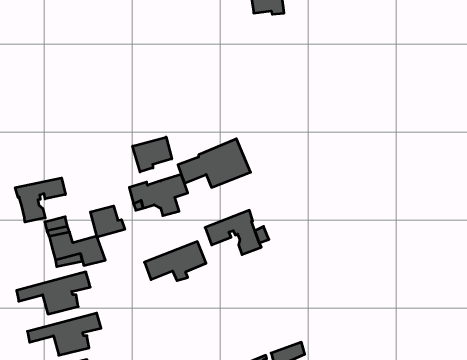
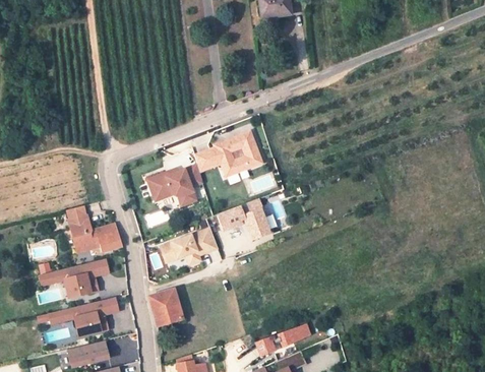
building: [133,137,172,172] -> none
building: [15,178,65,222] -> none
building: [90,206,125,237] -> none
building: none -> [150,289,182,325]

